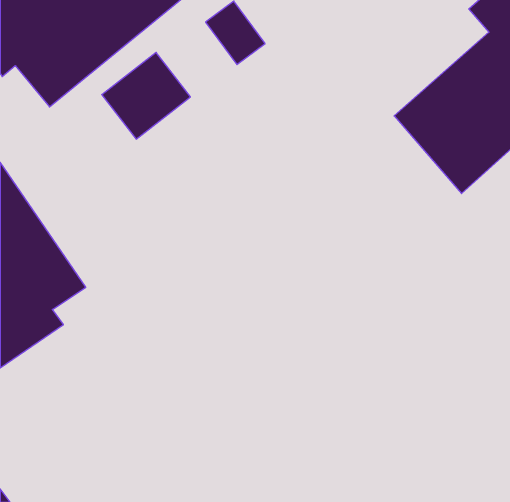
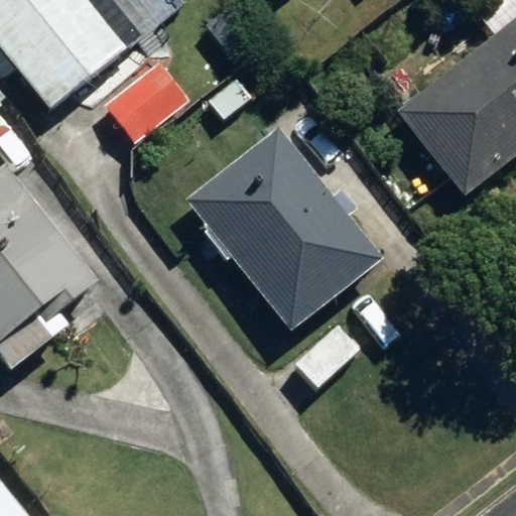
building: none -> [182,127,377,332]

